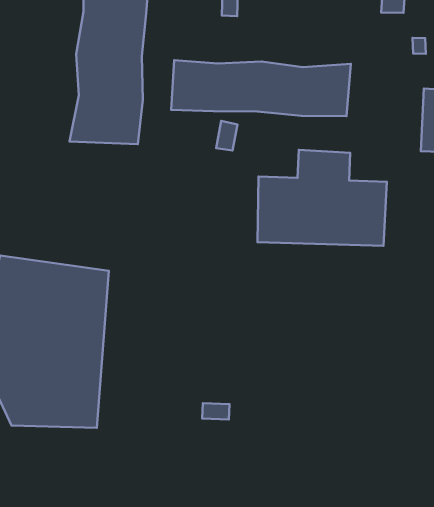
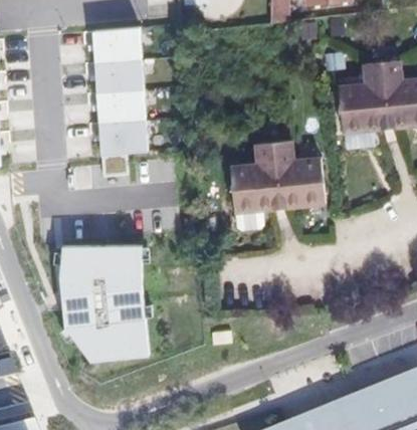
building: [171,60,351,116] -> none

